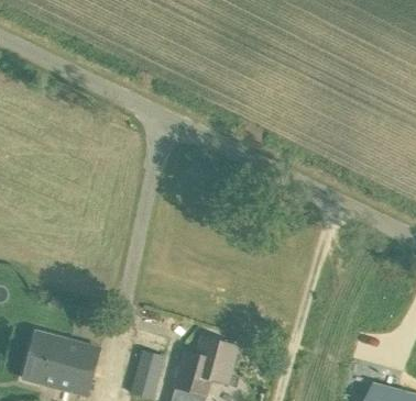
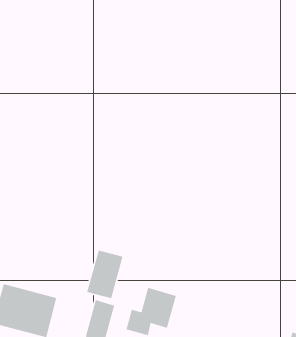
building: none -> [86,249,124,299]

